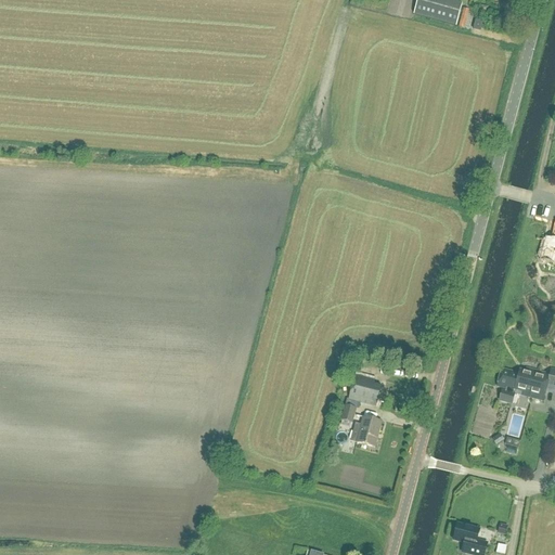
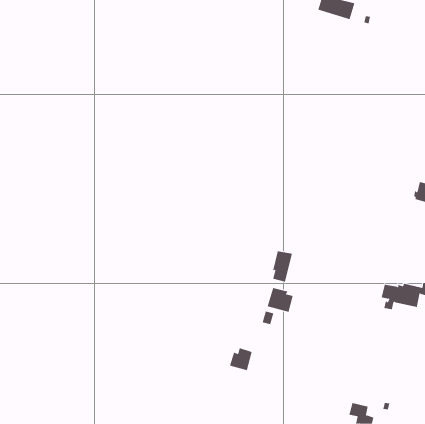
building: none -> [272,251,293,283]
building: [351,416,382,447] -> [229,348,253,371]

